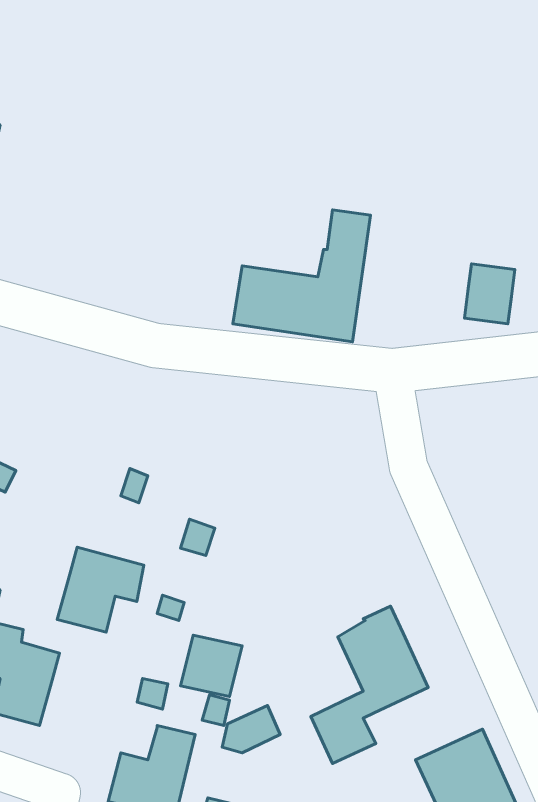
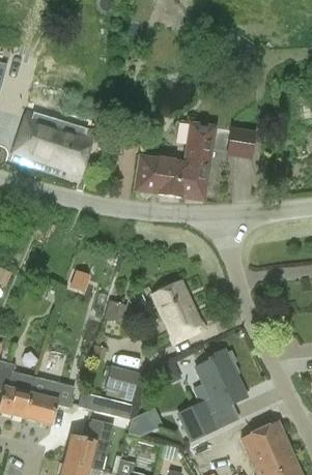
building: none -> [11,109,94,178]
building: [464,264,515,324] -> [227,125,256,159]
building: none -> [152,281,203,337]
building: [57,547,144,632] -> [24,377,74,425]

